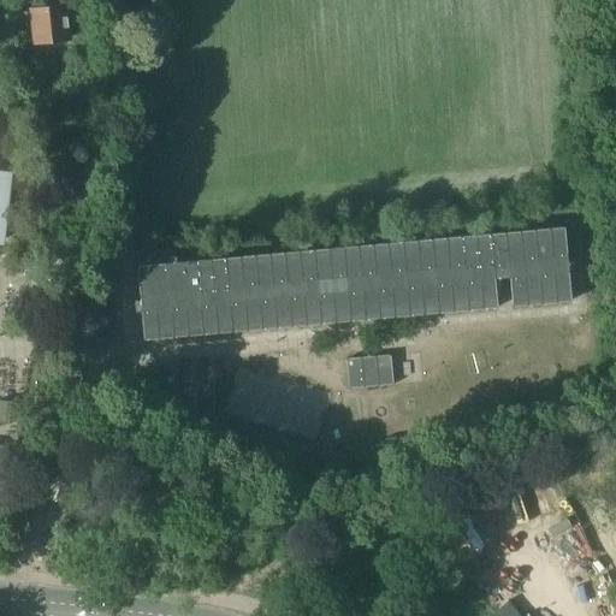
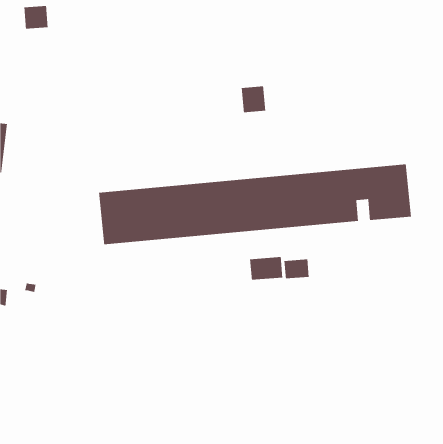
building: none -> [241,85,266,113]
building: none -> [284,258,310,279]

